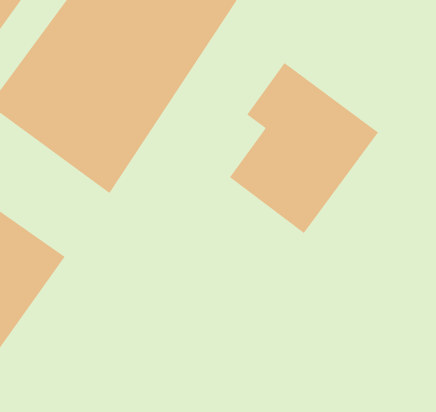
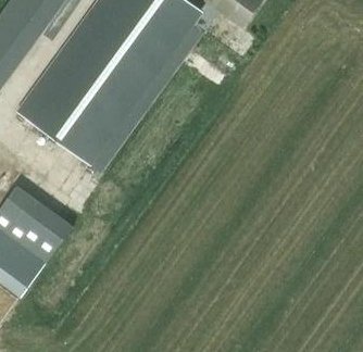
building: [229,62,379,234] -> none

